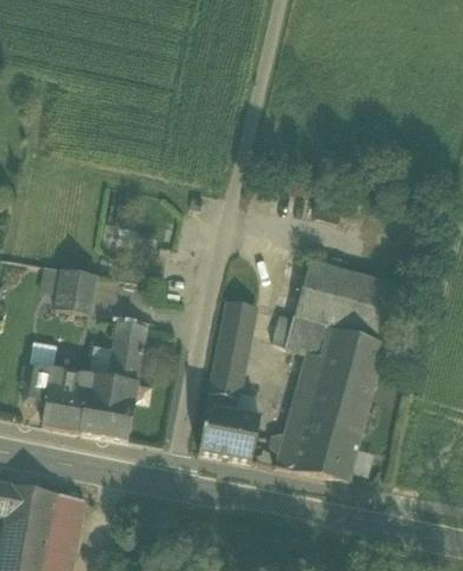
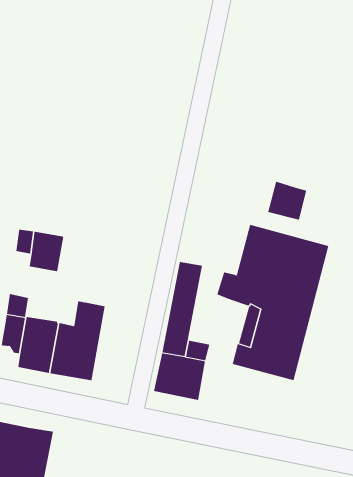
building: none -> [267,181,307,221]
building: [118,321,148,353] -> none
building: [270,420,359,481] -> none

